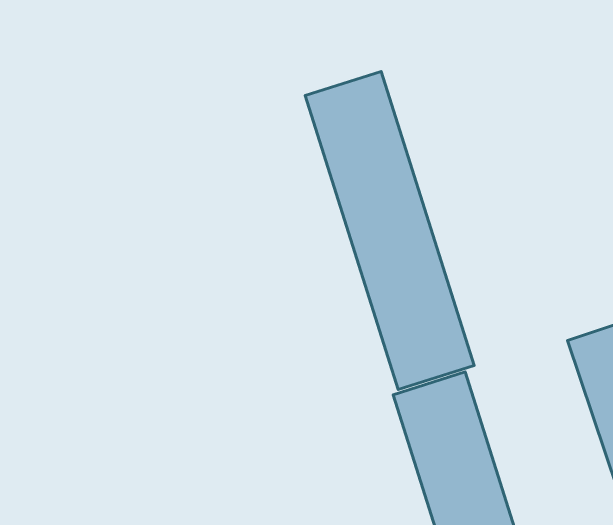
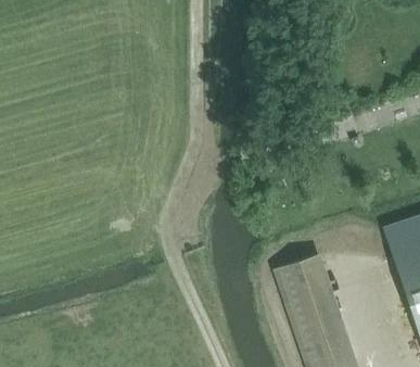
building: [305,72,474,390] -> none

